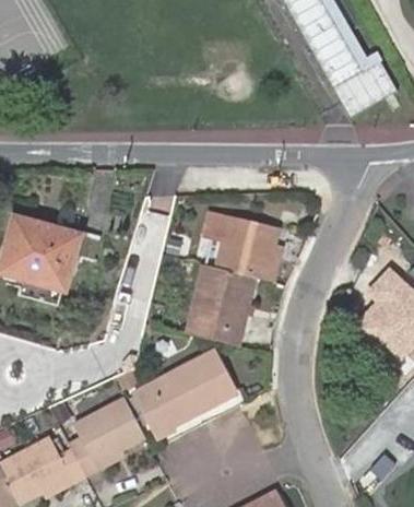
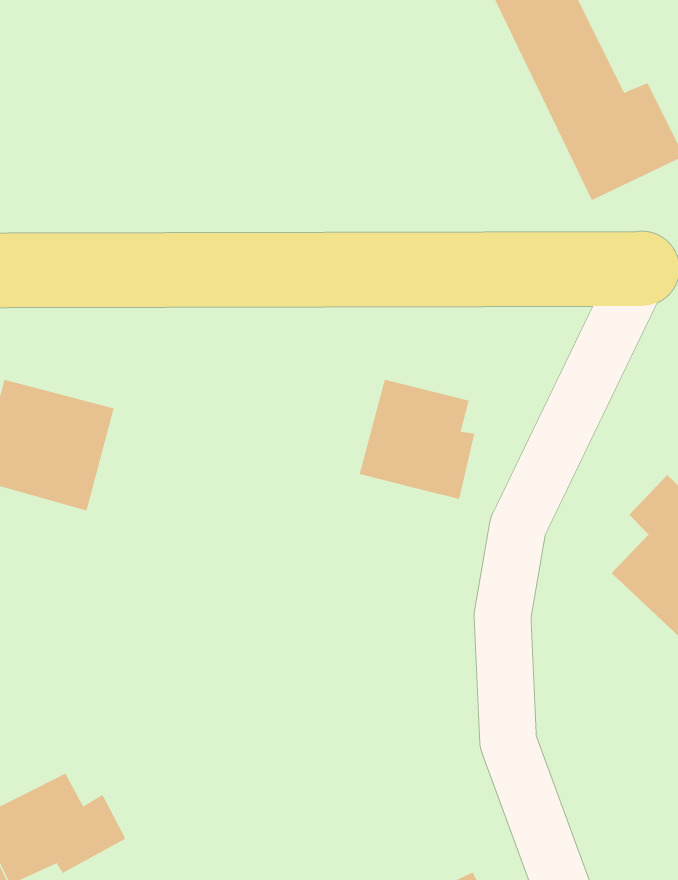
building: [184,264,249,344] -> none
building: [135,347,237,436] -> none
building: [70,396,145,474] -> none

